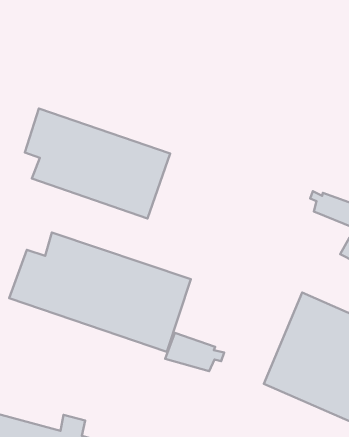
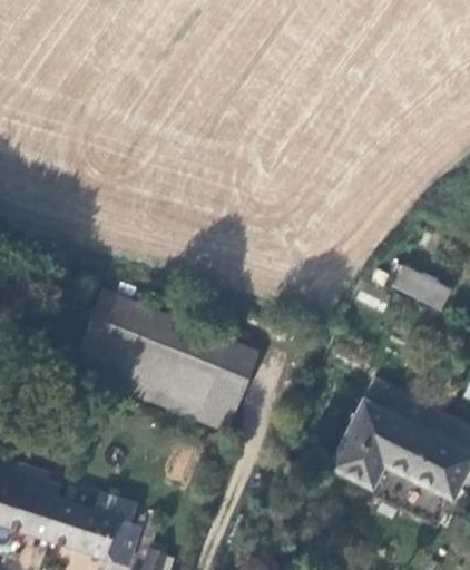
building: [25,108,170,219] -> none
building: [165,333,224,371] -> none

